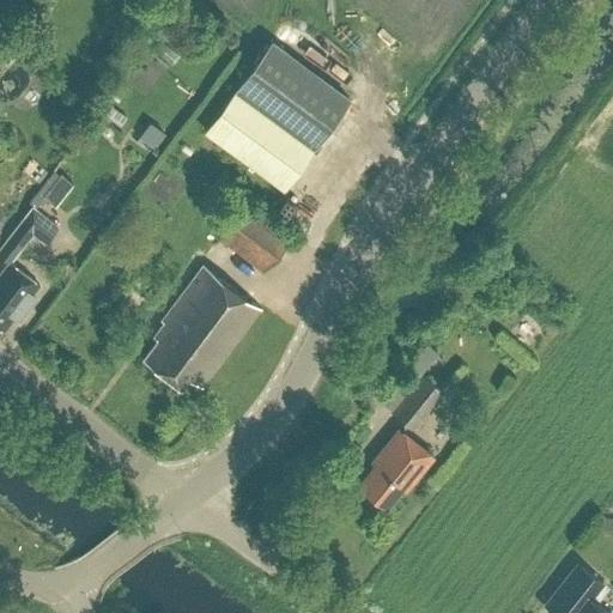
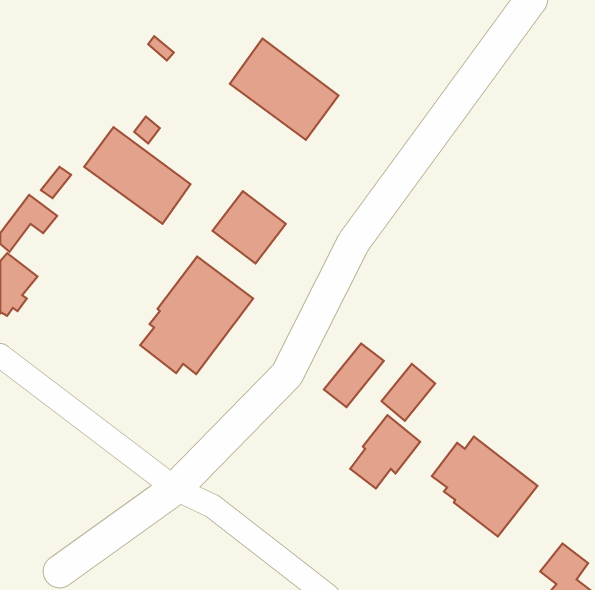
building: [205,93,314,193] -> [84,127,190,224]
building: none -> [324,344,384,407]
building: none -> [432,436,538,537]

